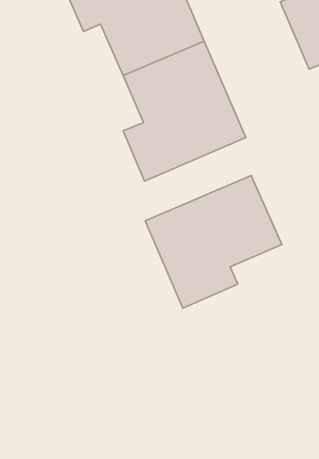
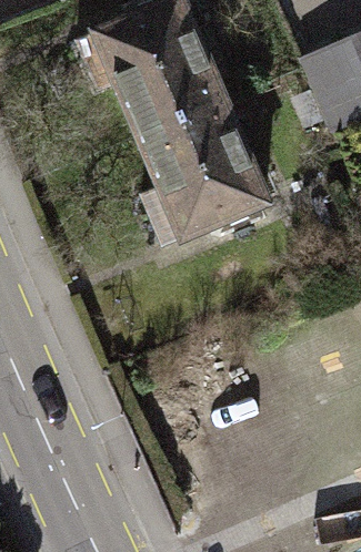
building: [145,175,282,308] -> none

